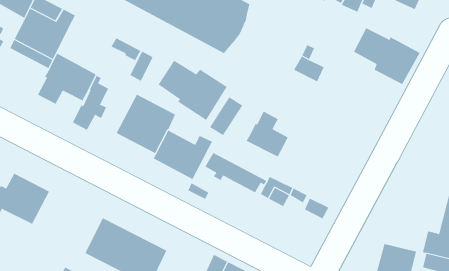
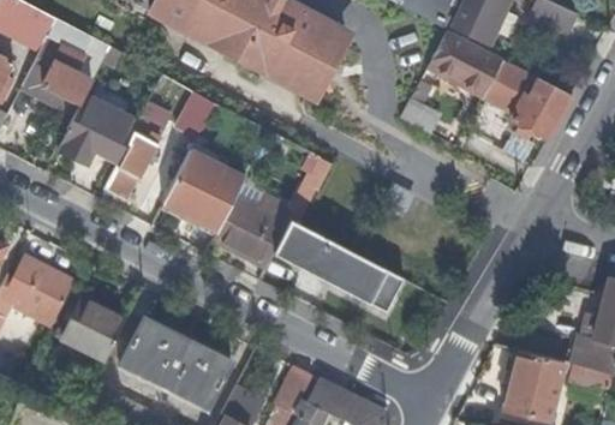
building: none -> [429,34,498,94]
building: [158,60,228,121] -> none
building: [246,111,288,157] -> none
building: none -> [56,297,126,358]

